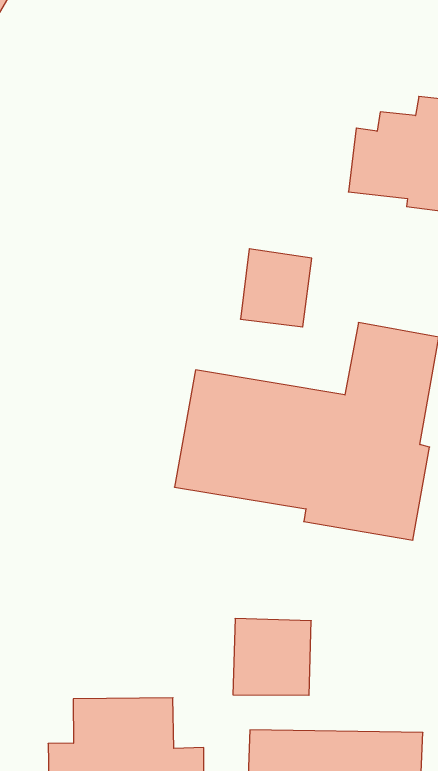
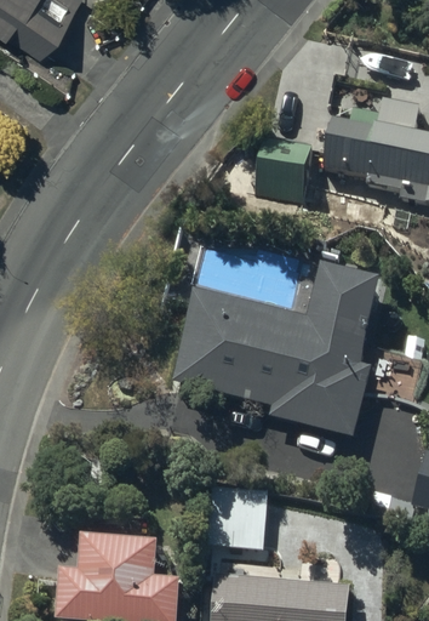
building: [240,249,312,327] -> [252,136,310,199]

